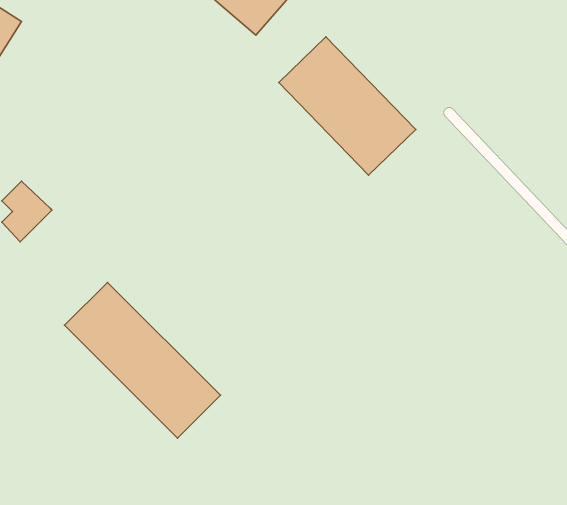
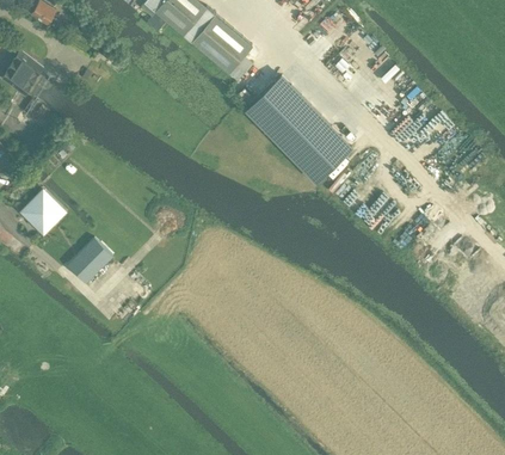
building: none -> [67,239,112,285]
building: [64,282,220,438] -> none

